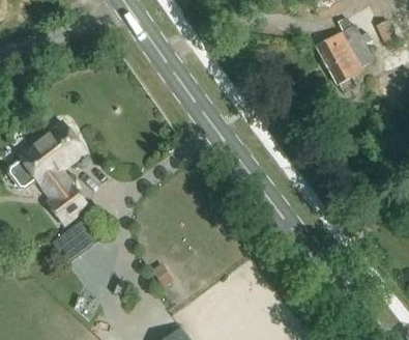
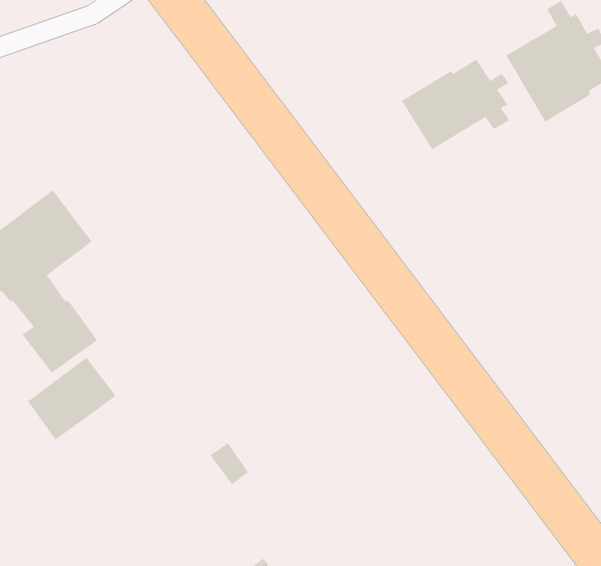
building: none -> [401,59,510,150]

